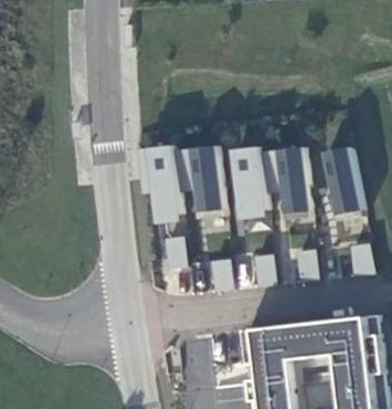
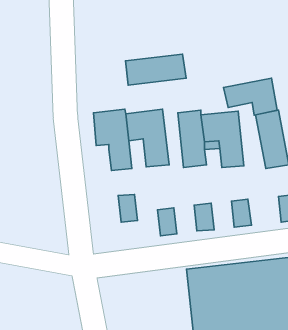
building: none -> [126,54,186,85]
building: none -> [224,78,277,115]

